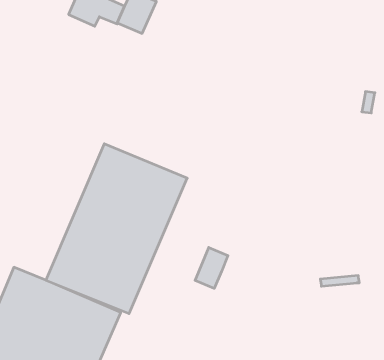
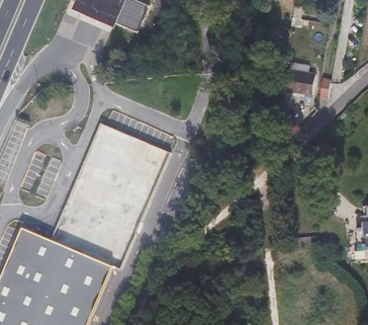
building: none -> [282,75,315,96]
building: [195,247,228,288] -> none

